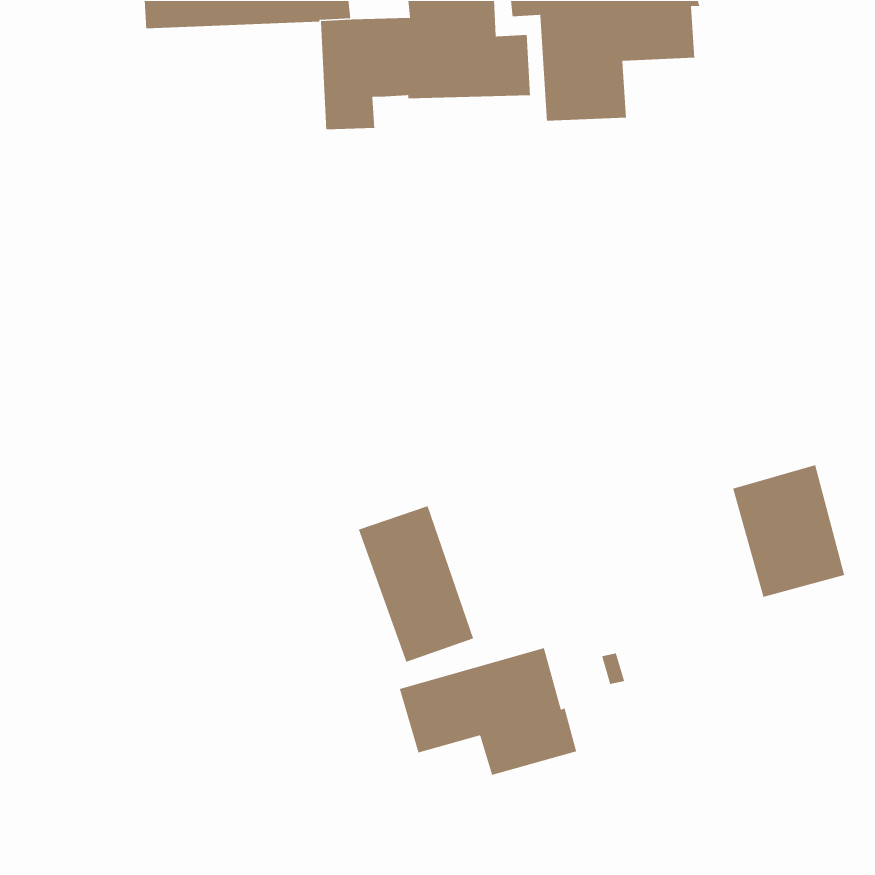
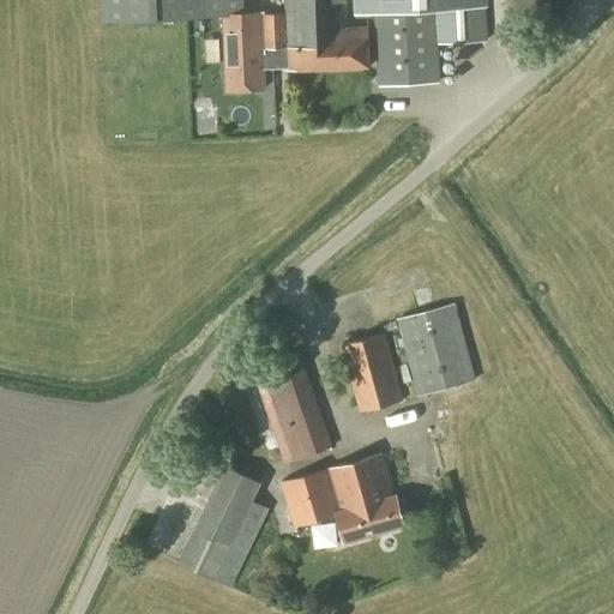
building: [732,464,845,598] -> [396,303,475,397]
building: none -> [341,333,403,413]
building: none -> [176,465,269,589]

